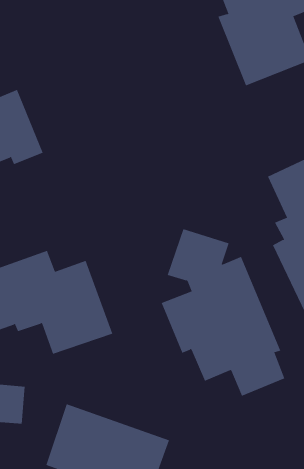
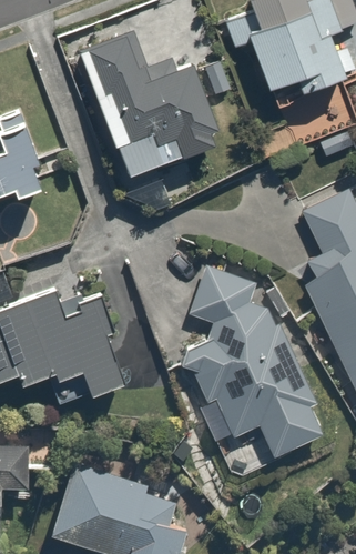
building: none -> [79,29,224,179]

